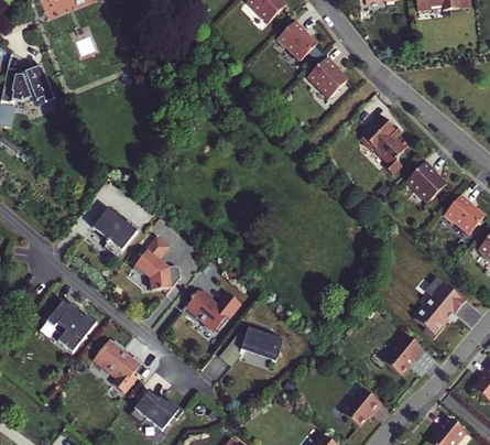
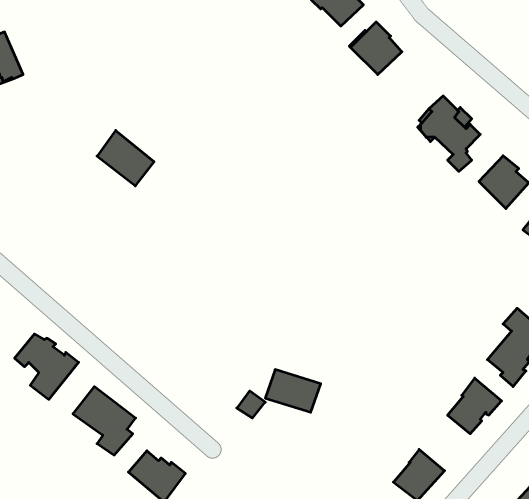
building: [95,205,139,248] -> [97,130,154,186]
building: [135,235,173,291] -> none
building: [184,289,242,334] -> none

